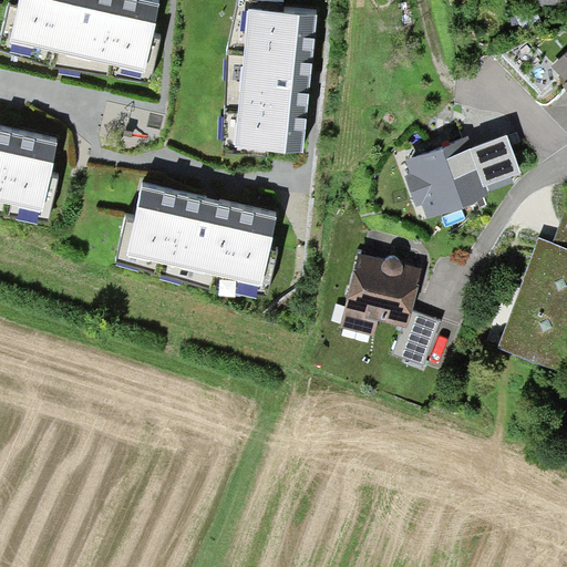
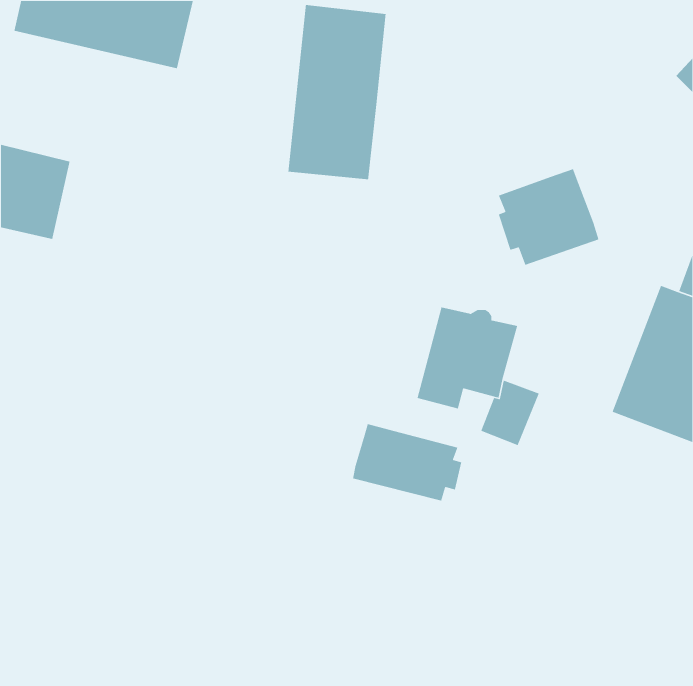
building: [473,142,520,196] -> none
building: [127,182,277,278] -> none
building: none -> [352,423,462,502]

